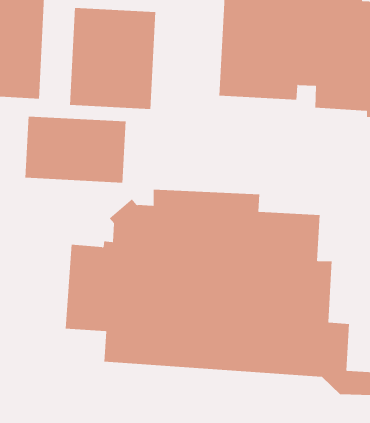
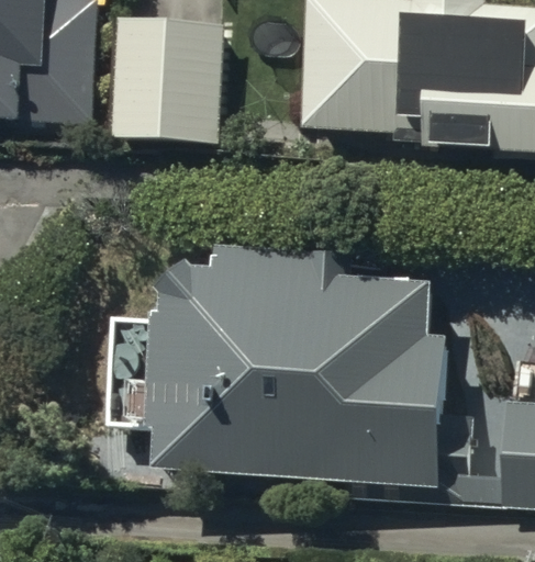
building: [25,116,126,183] -> none

